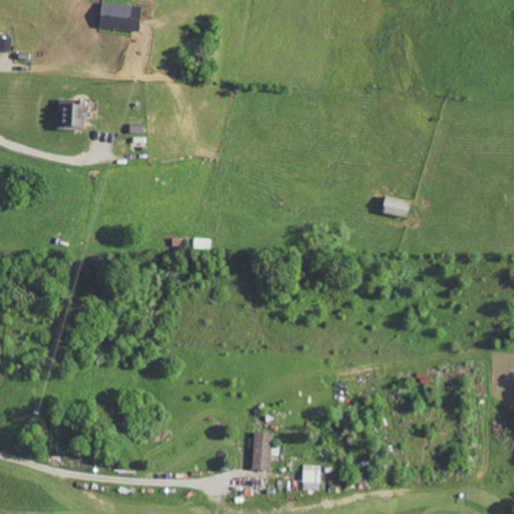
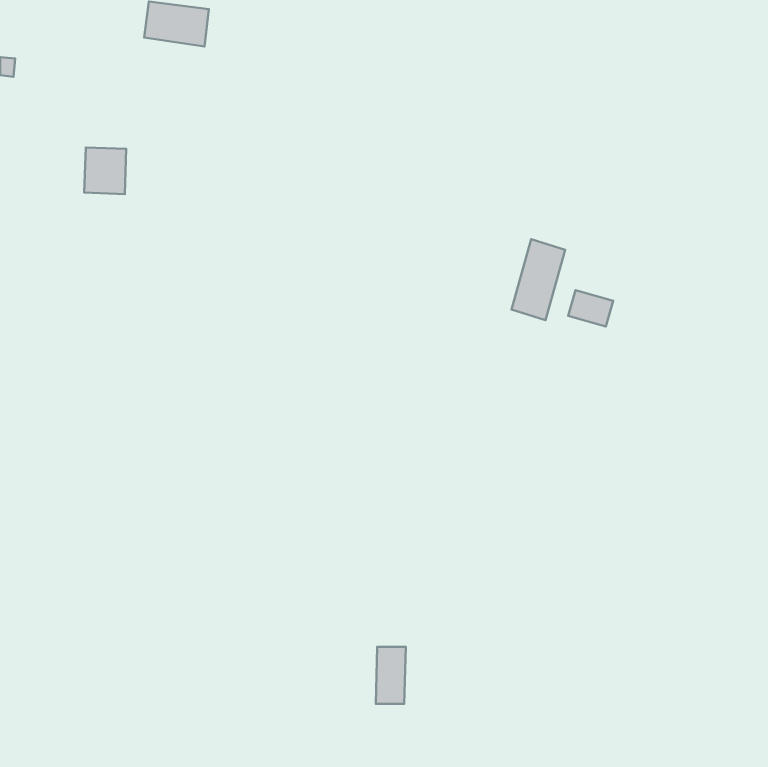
building: none -> [511,239,565,320]
building: [302,465,320,491] -> none

